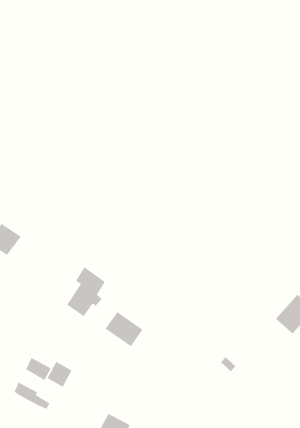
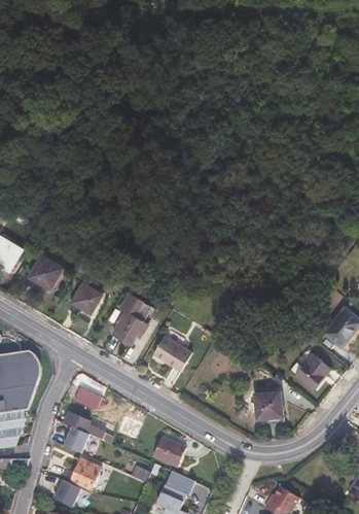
building: none -> [71,281,102,312]
building: none -> [296,353,329,386]
building: [46,361,73,388] -> [63,426,88,453]
building: none -> [255,391,283,419]

